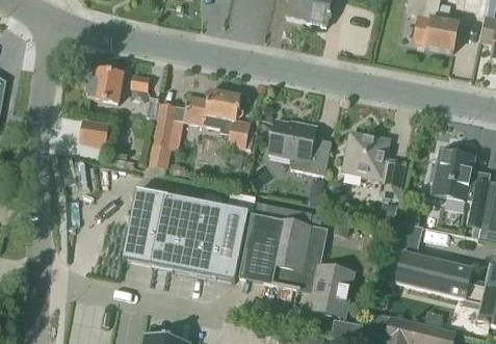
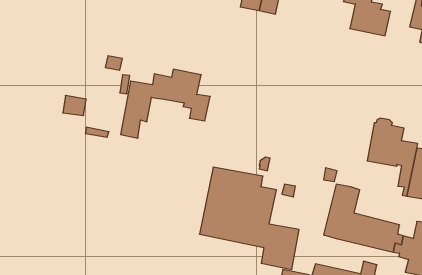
building: [85,68,122,101] -> none
building: [267,118,330,175] -> none
building: [341,132,403,197] -> none
building: [123,189,247,280] -> none

